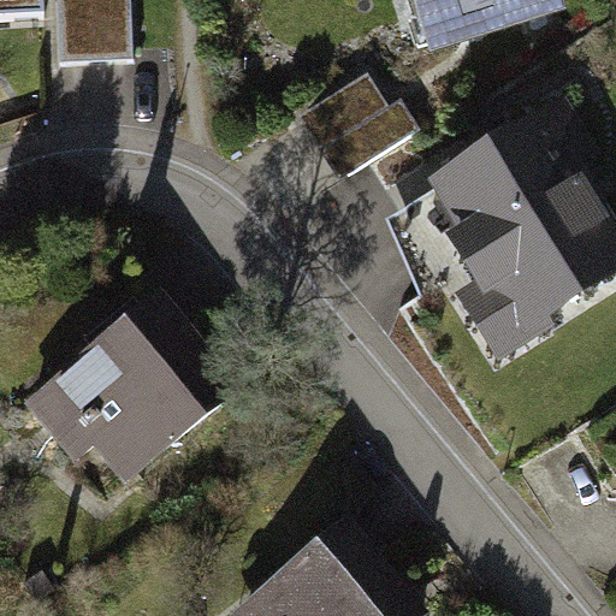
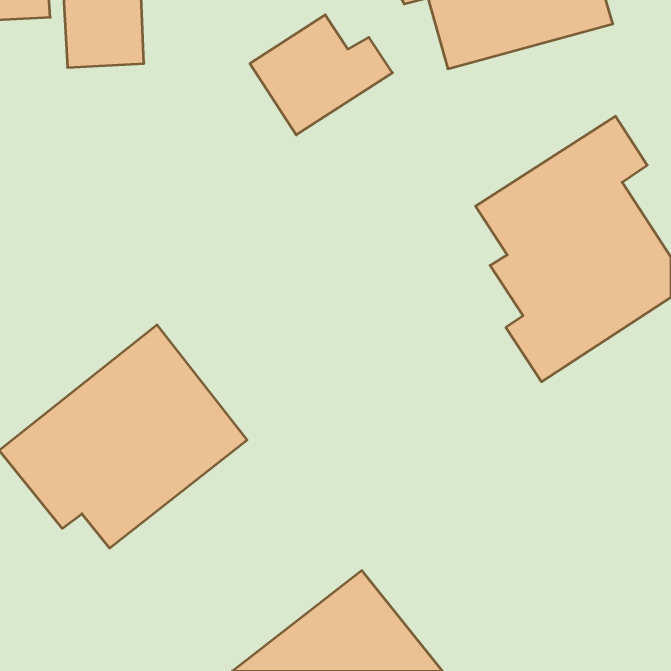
building: [292,78,422,188] -> [250,15,393,135]

